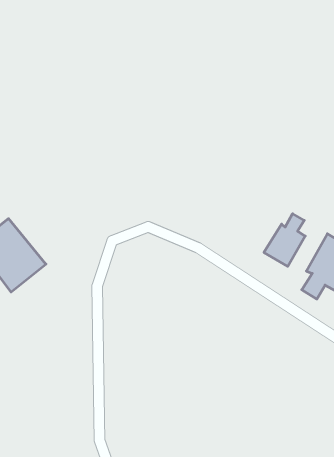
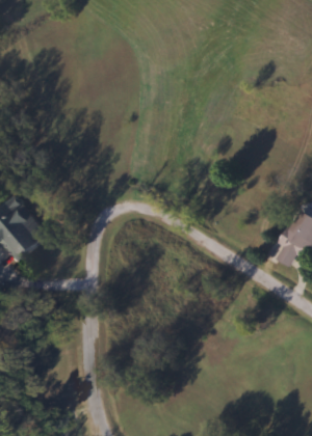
building: [264,214,305,266] -> none

